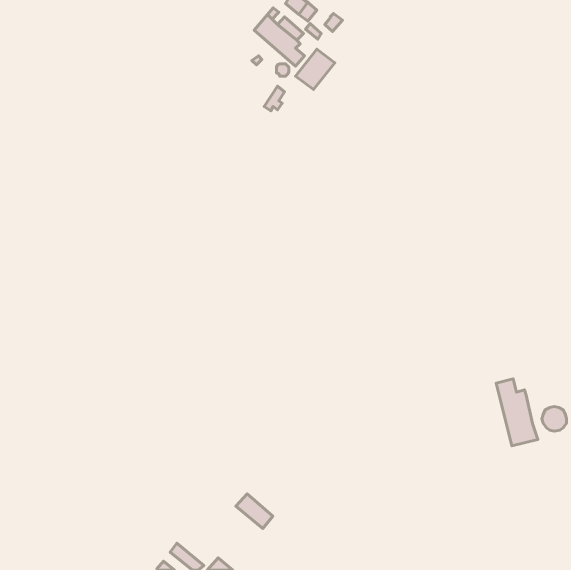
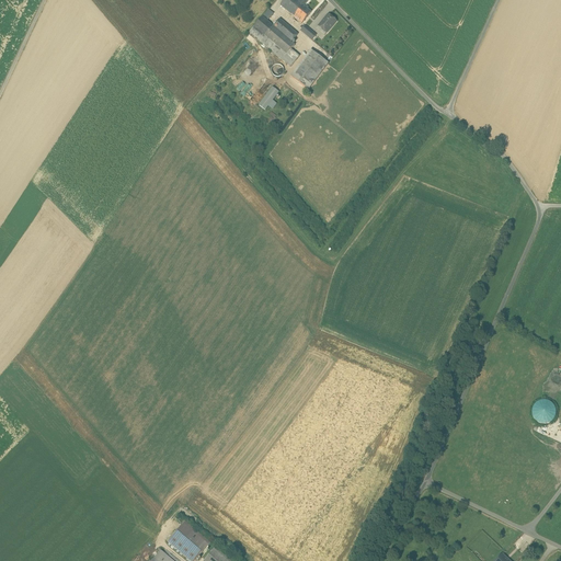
building: [496,379,538,446] -> none
building: [236,494,273,529] -> [173,519,209,553]

